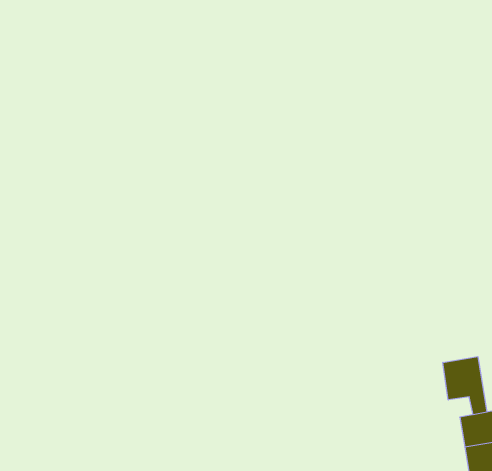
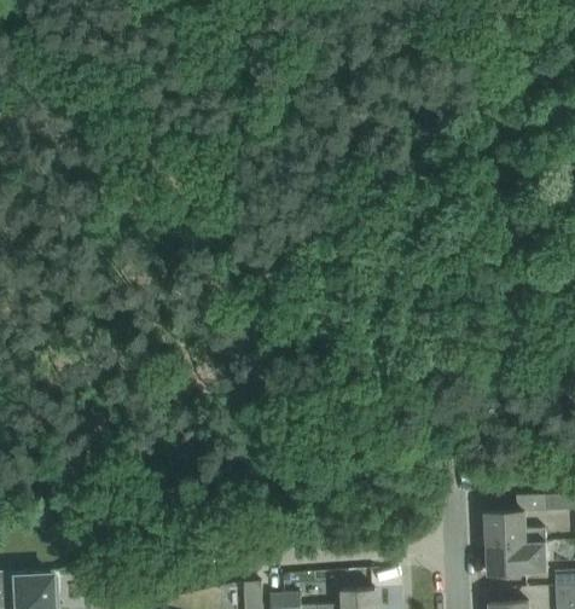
building: [443,357,487,415] -> none

